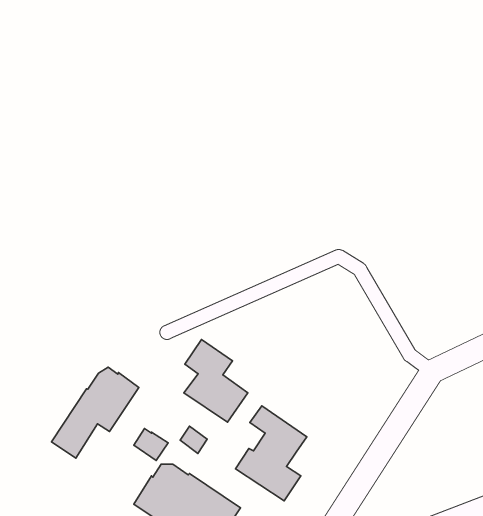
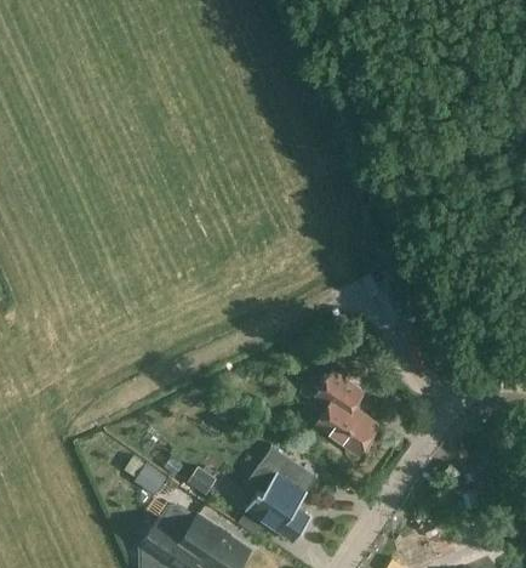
building: [184,339,248,422] -> [313,370,378,455]
building: [52,367,139,458] -> none

